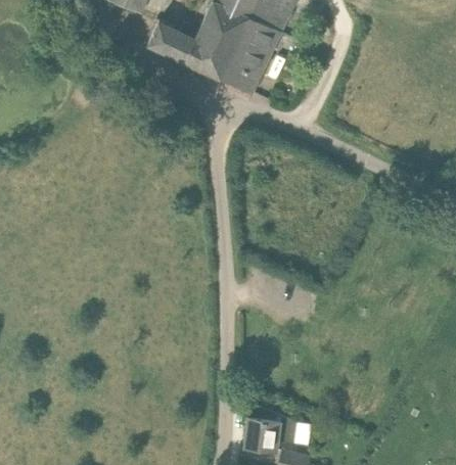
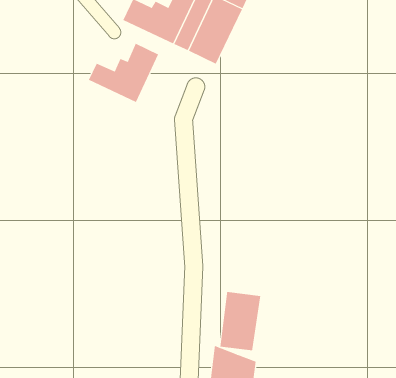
building: none -> [88,43,159,103]
building: none -> [220,291,261,351]

